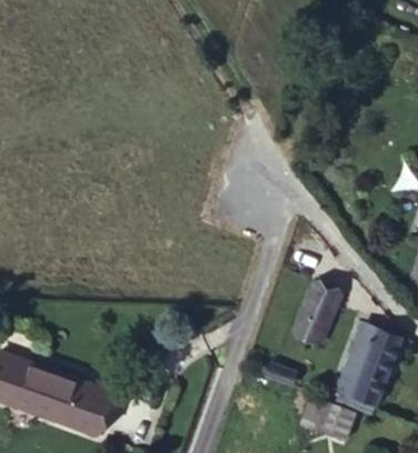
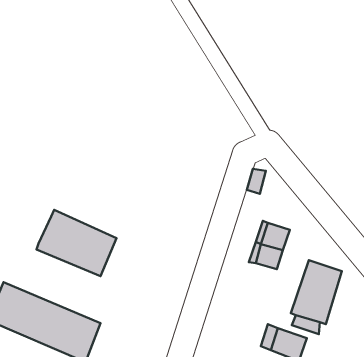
building: none -> [36,210,116,276]

